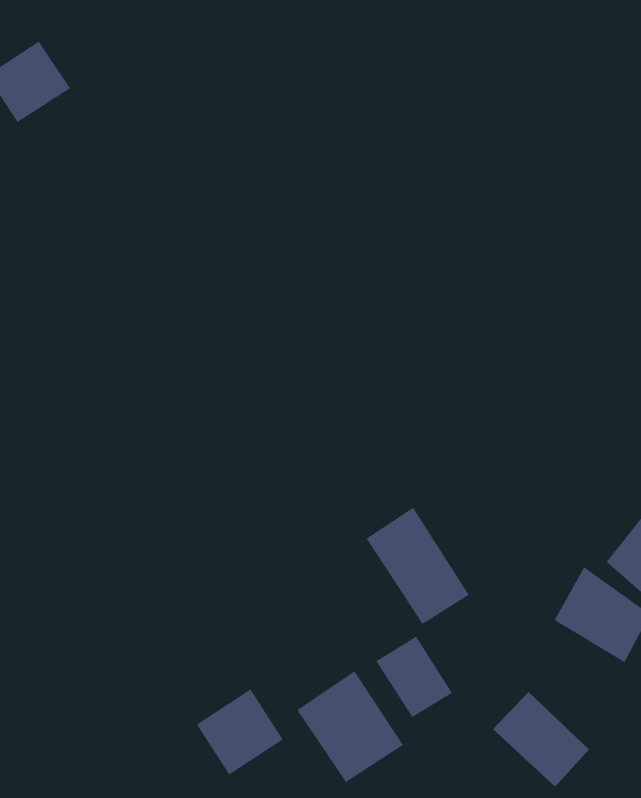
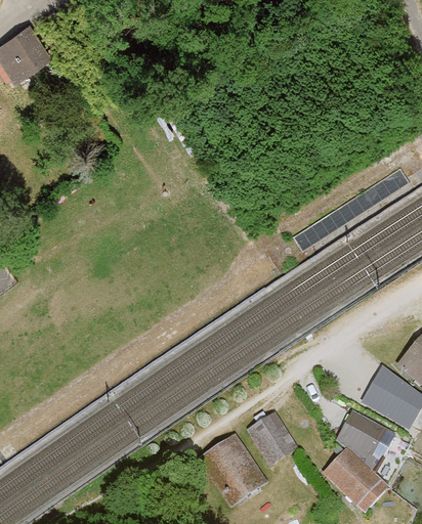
building: [366,507,470,625] -> none
building: none -> [342,412,395,471]
building: [196,688,283,775] -> none

